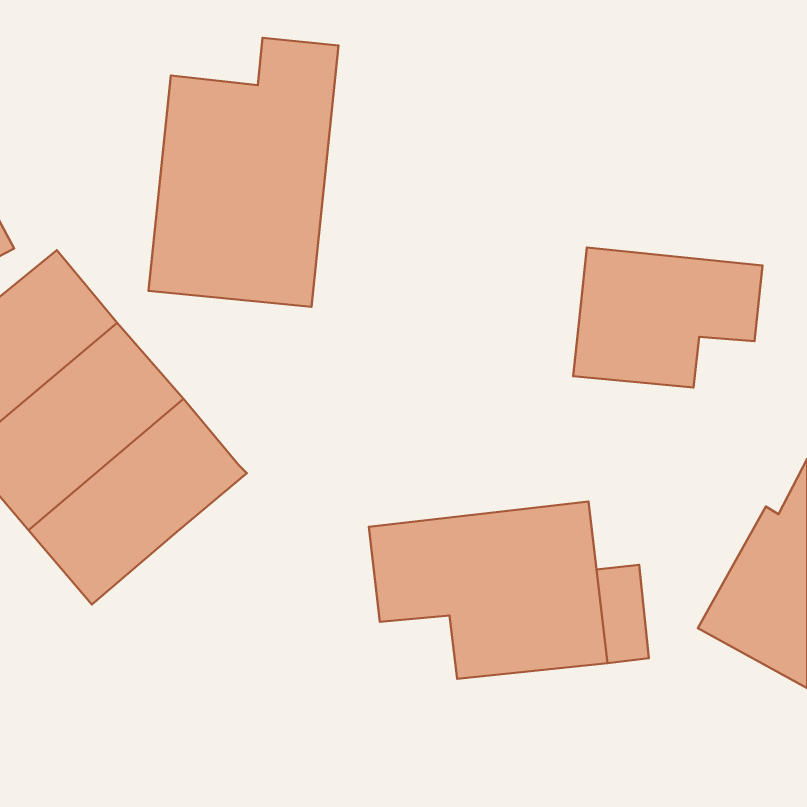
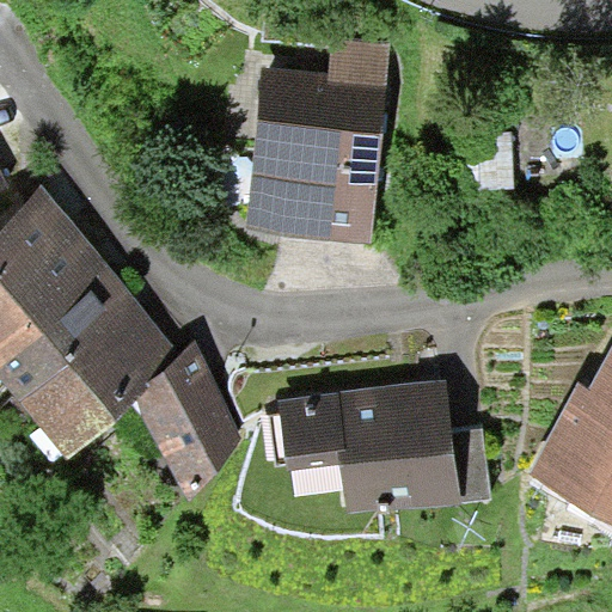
building: [149,38,338,307] -> [246,39,390,243]
building: [573,248,763,387] -> none
building: none -> [135,342,240,504]

